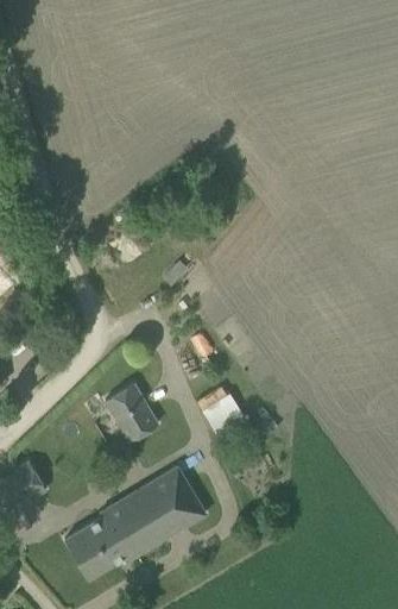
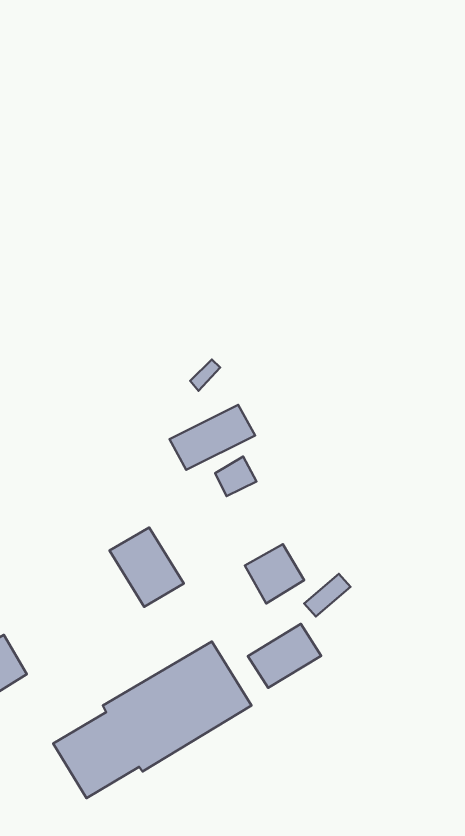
building: none -> [169,405,255,470]
building: none -> [248,624,321,688]

